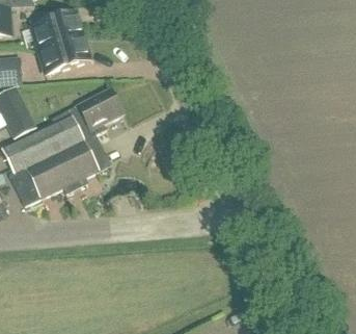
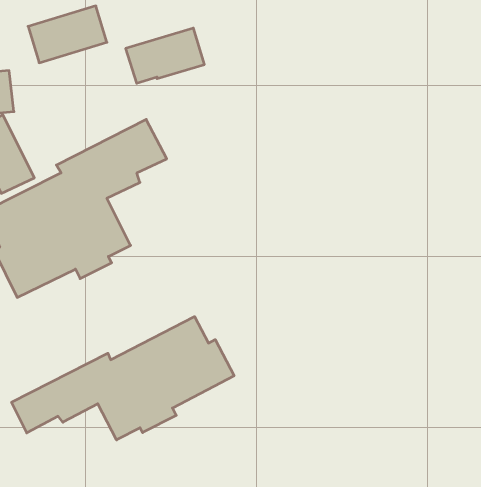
building: [38,36,90,73] -> [126,28,204,83]
building: none -> [12,317,234,440]

